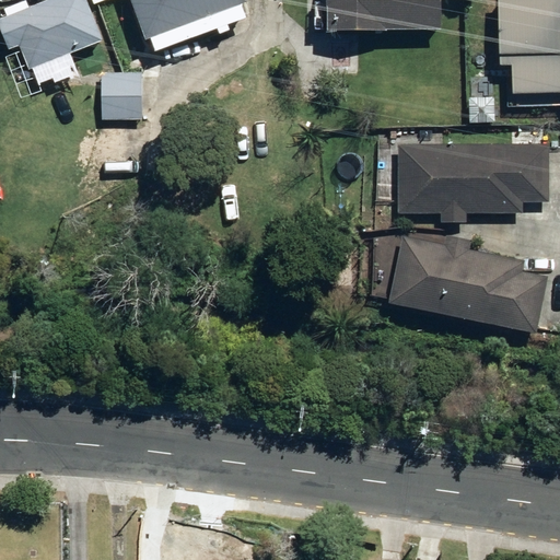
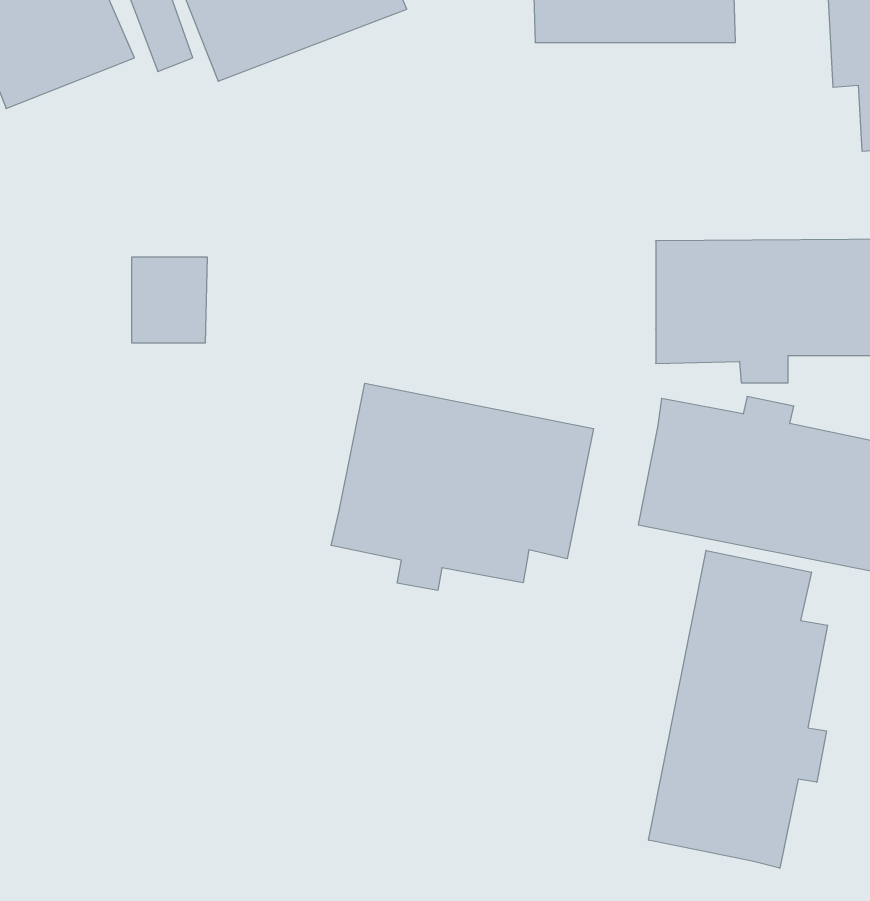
building: [104,70,147,118] -> [132,257,207,343]
building: none -> [331,383,594,590]
building: none -> [649,550,827,868]

